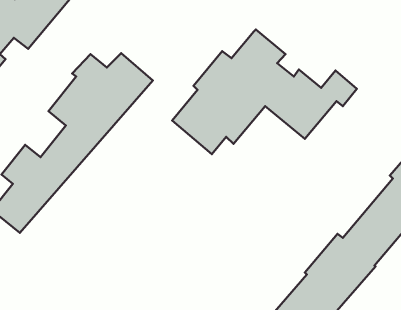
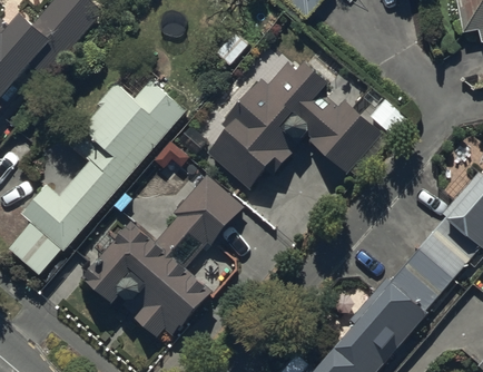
building: none -> [83,174,245,339]

